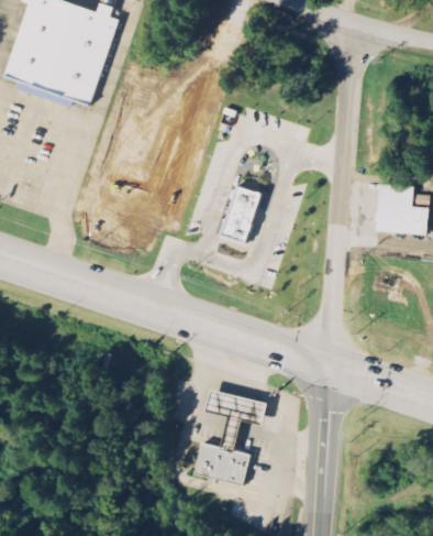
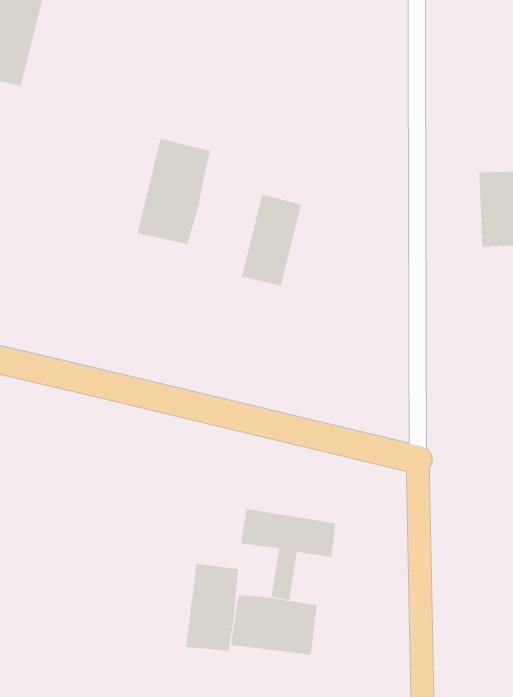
building: none -> [137,138,210,245]
building: none -> [186,563,239,651]

